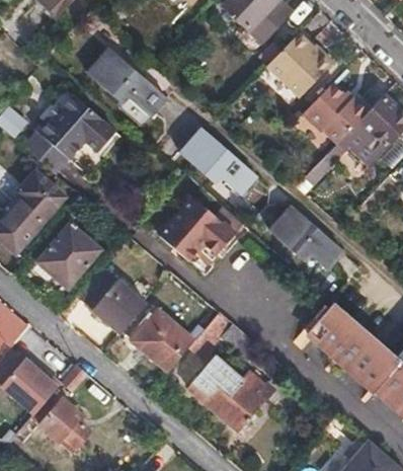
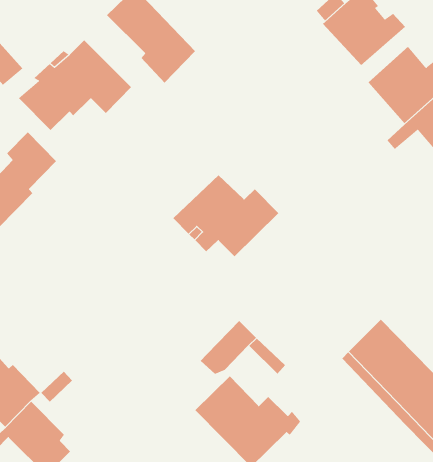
building: [181,129,256,193] -> none
building: [271,207,343,268] -> none
building: [39,226,97,287] -> none
building: [75,264,146,333] -> none
building: [132,311,193,373] -> none

